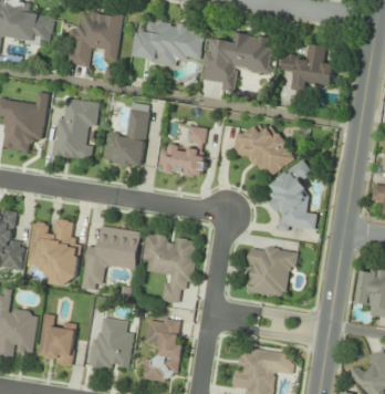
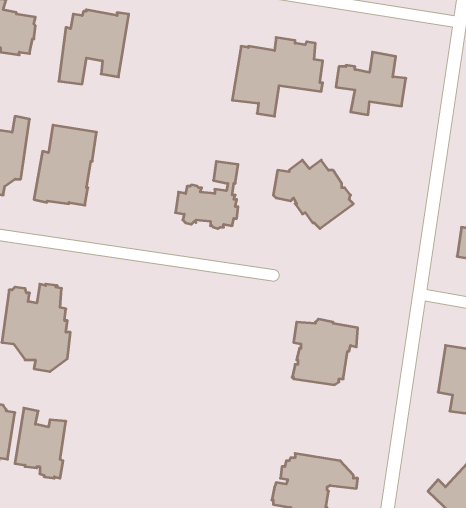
building: [134,19,205,66] -> none
building: [104,103,149,167] -> none
building: [271,159,318,231] -> none
building: [81,226,141,290] -> none
building: [143,234,196,303] -> none
building: [89,318,134,371] -> none
building: [142,319,184,382] -> none

